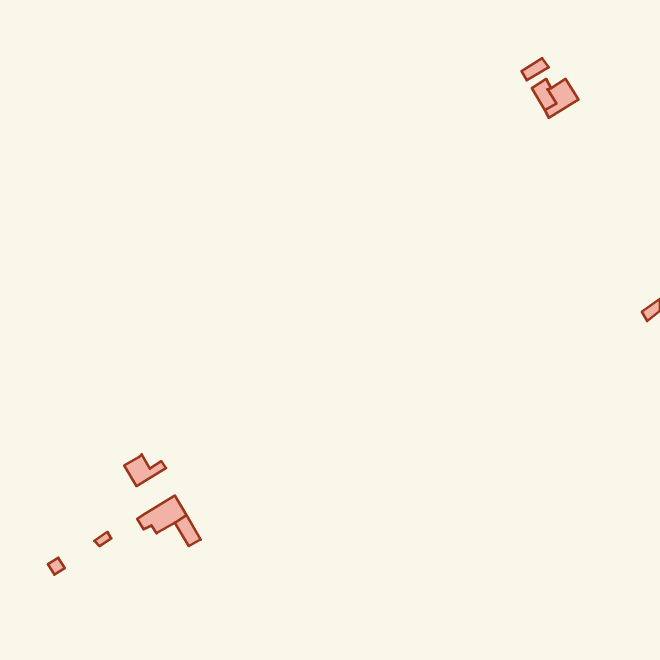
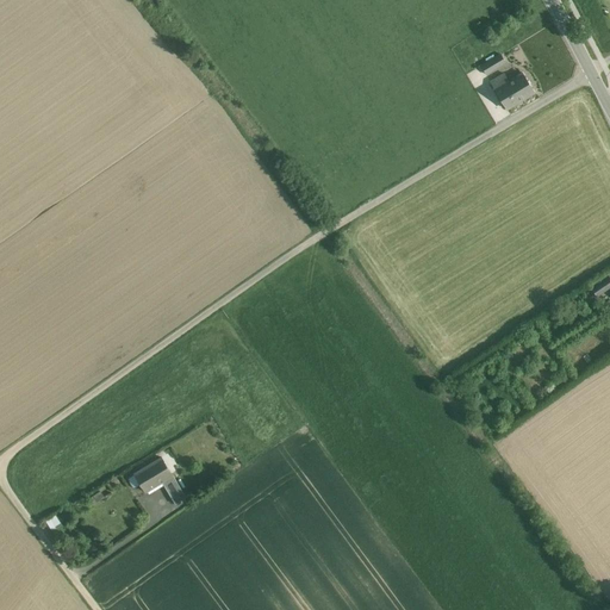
building: [124,454,166,486] -> none

